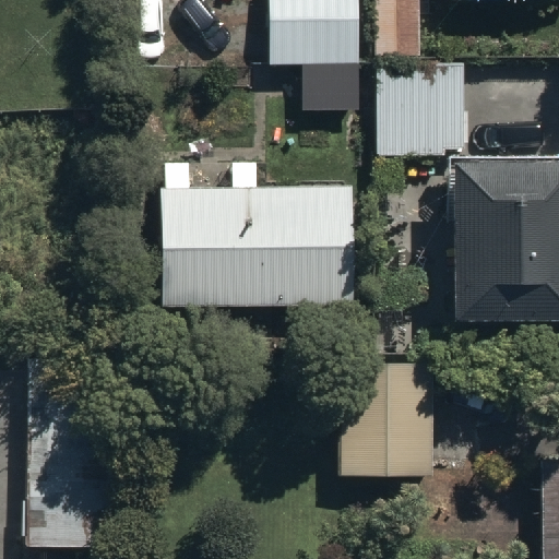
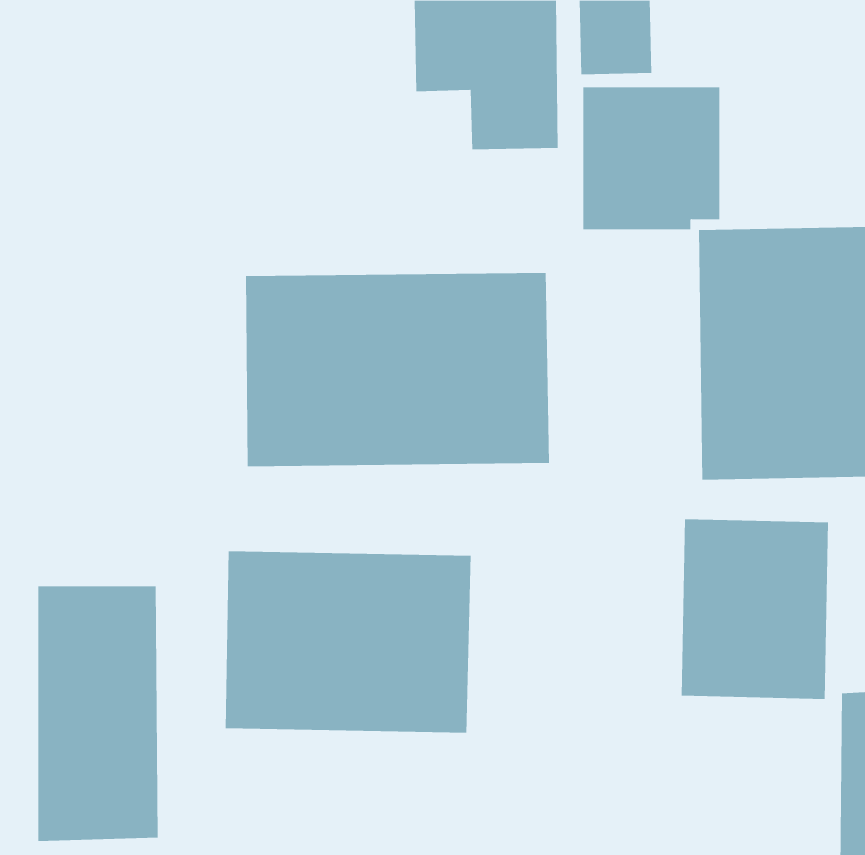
building: [340,361,435,477] -> [681,519,829,699]
building: none -> [225,551,471,734]

